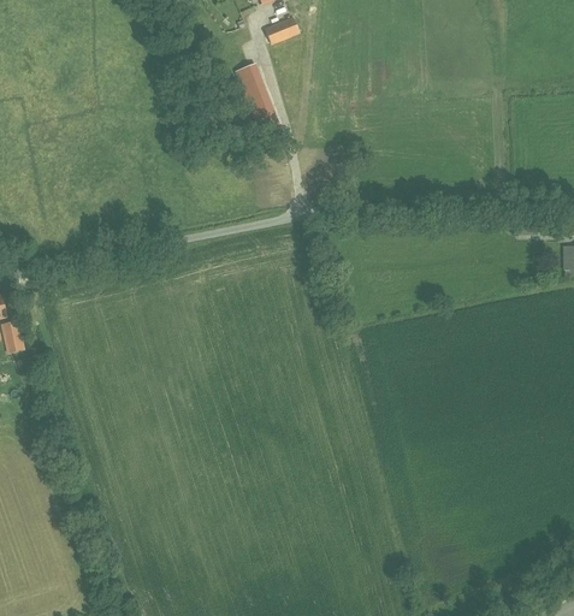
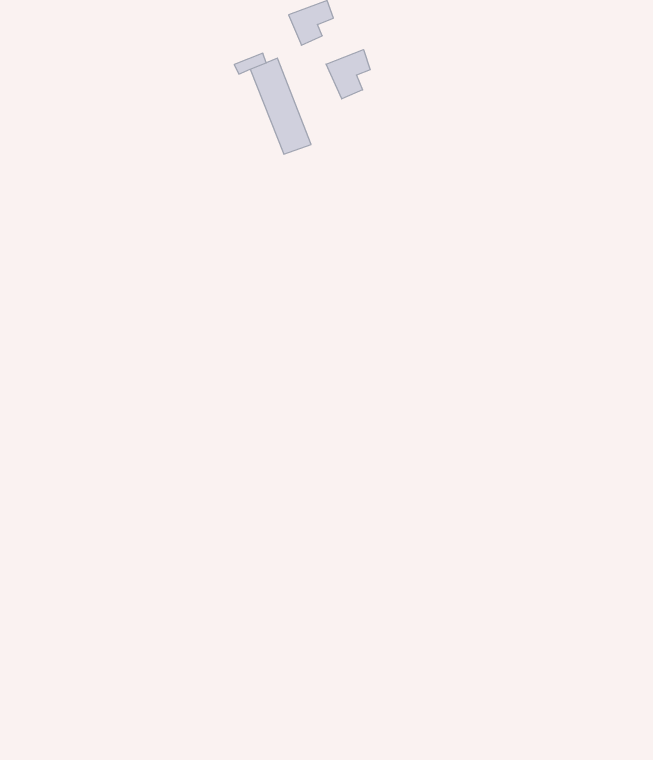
building: none -> [326,50,370,99]

